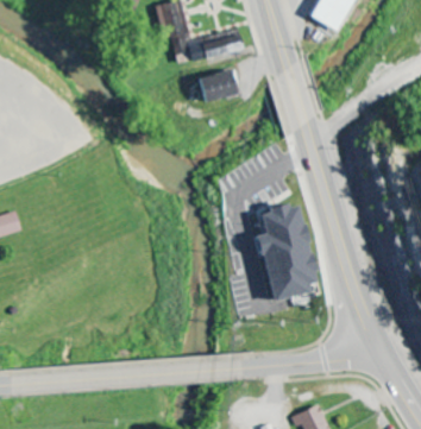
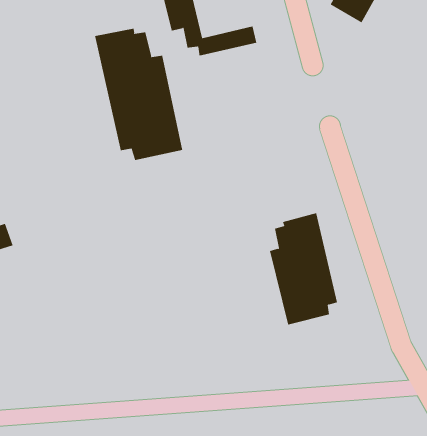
building: none -> [95,28,183,161]
building: [195,69,239,101] -> none

